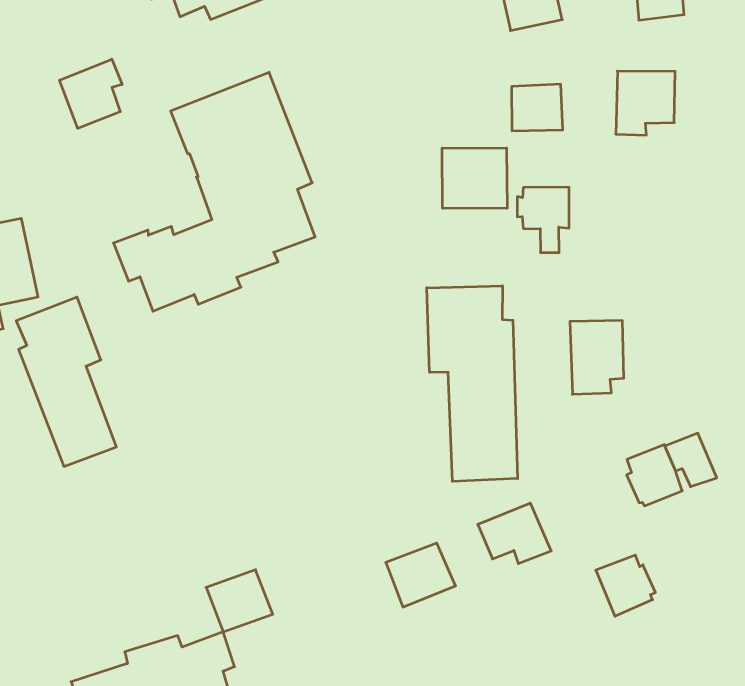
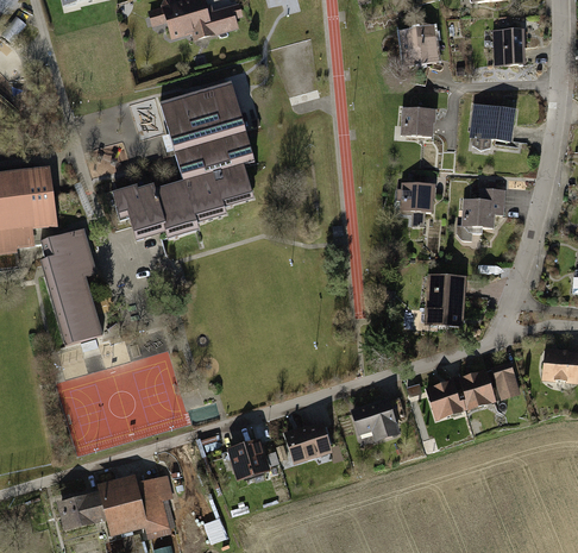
building: [60,59,122,128] -> none
building: [442,148,507,208] -> none
building: none -> [461,183,507,237]
building: [427,286,518,481] -> none
building: [596,555,655,616] -> [425,377,465,419]
building: [206,570,273,632] -> [227,438,272,479]

